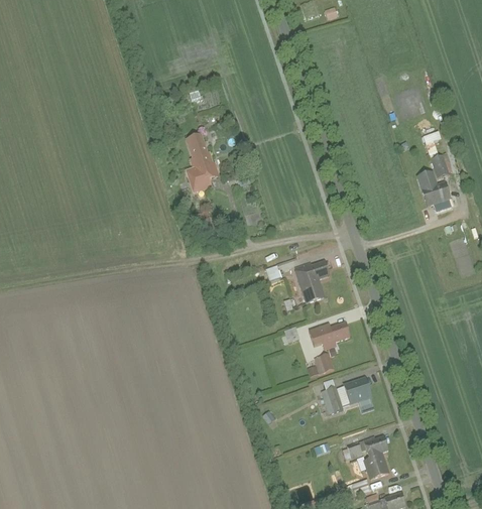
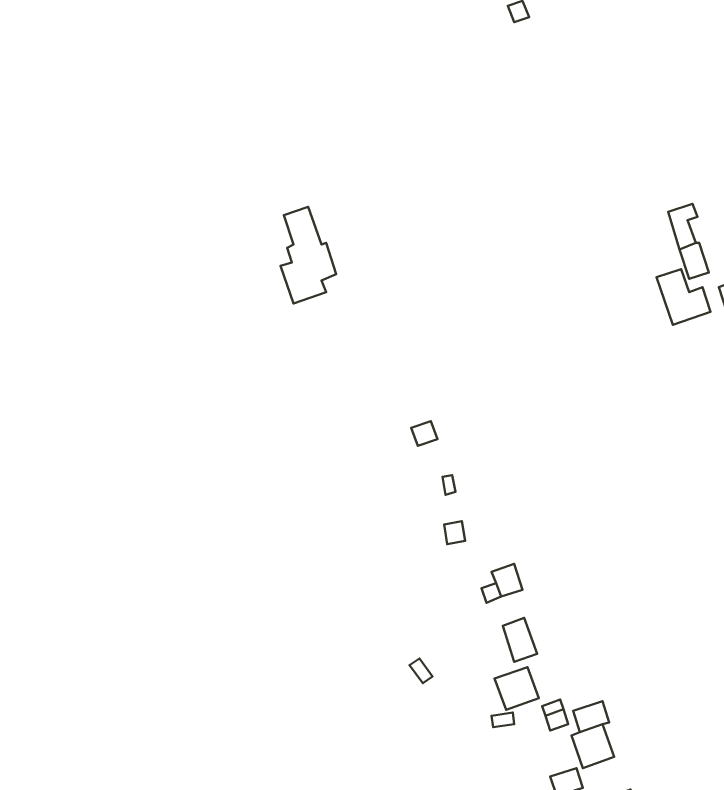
building: [295,261,329,304] -> none
building: [310,322,350,349] -> none
building: [345,378,372,404] -> [495,667,539,710]

